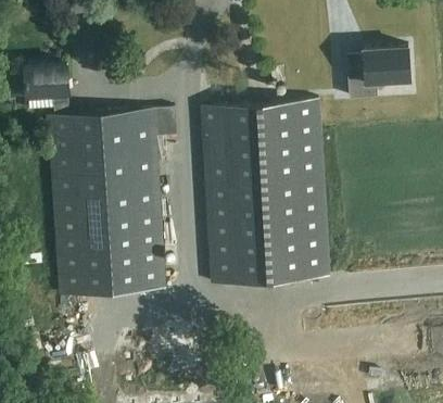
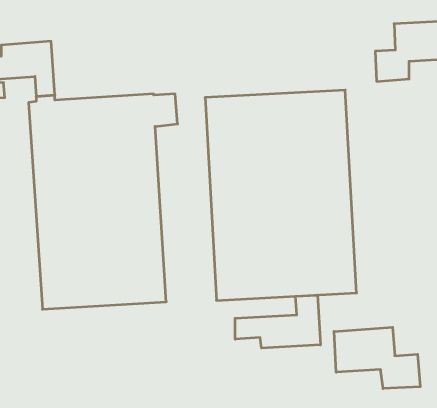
building: none -> [235,295,320,348]
building: none -> [334,327,420,389]

